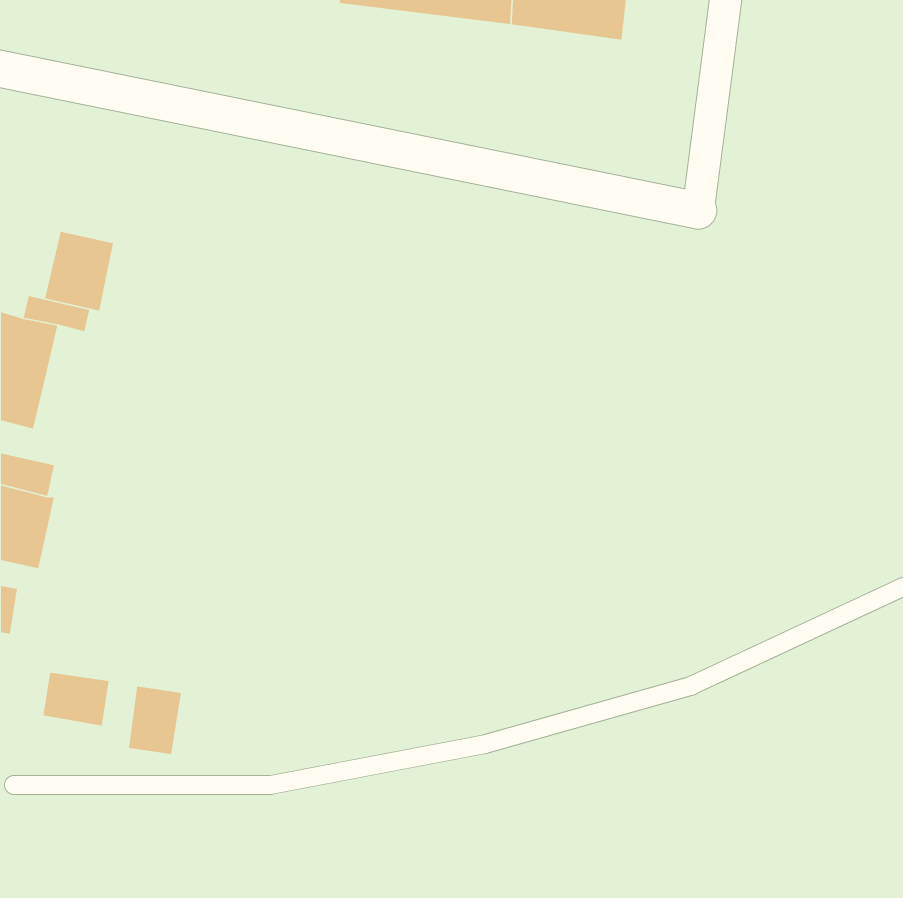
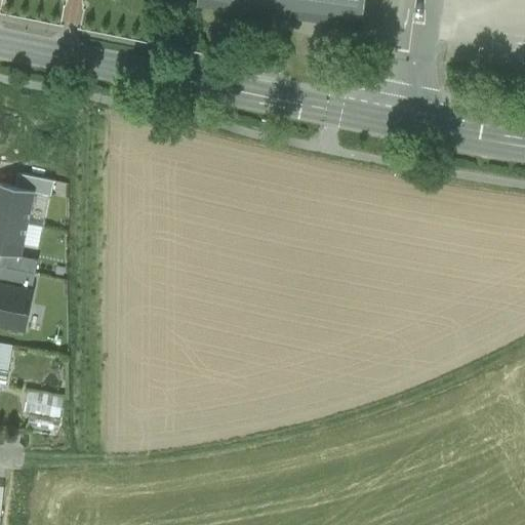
building: [44,231,114,312] -> none
building: [128,685,182,755] -> none

